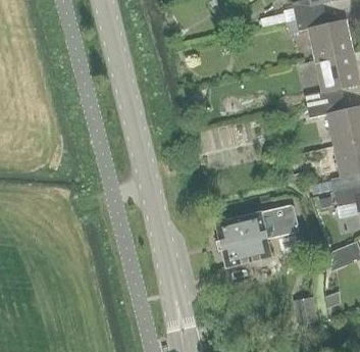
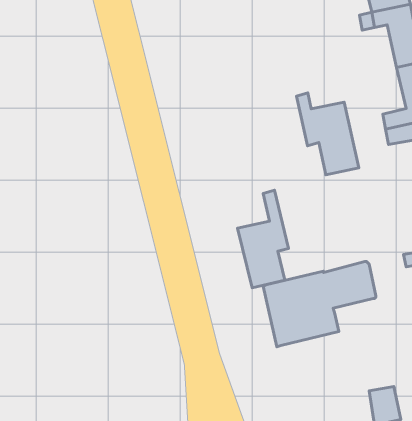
building: none -> [296,93,359,175]
building: none -> [238,190,288,288]

